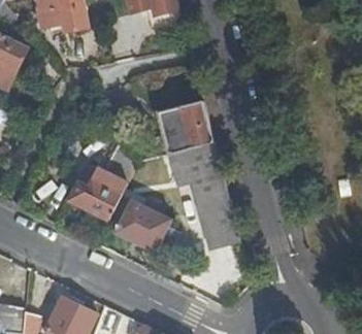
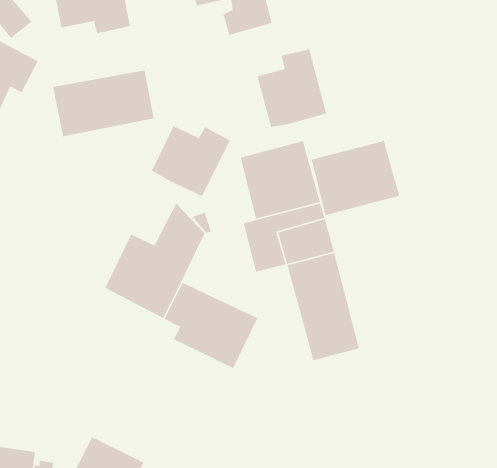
building: none -> [256,48,327,128]
building: none -> [52,70,155,137]
building: none -> [151,125,231,197]
building: none -> [311,140,400,216]

